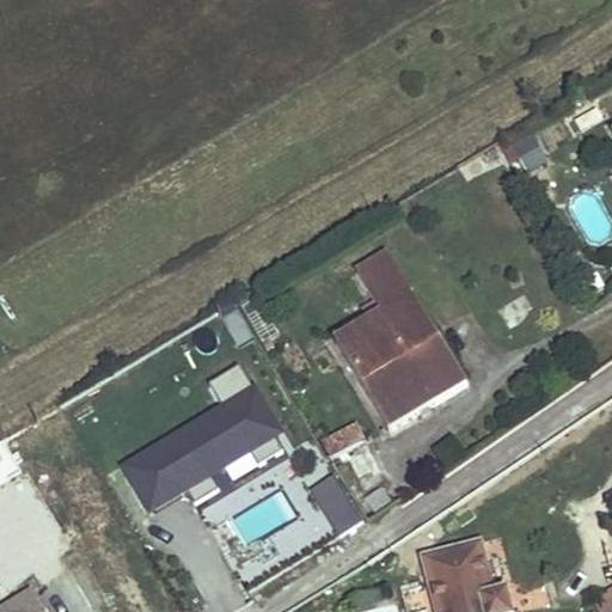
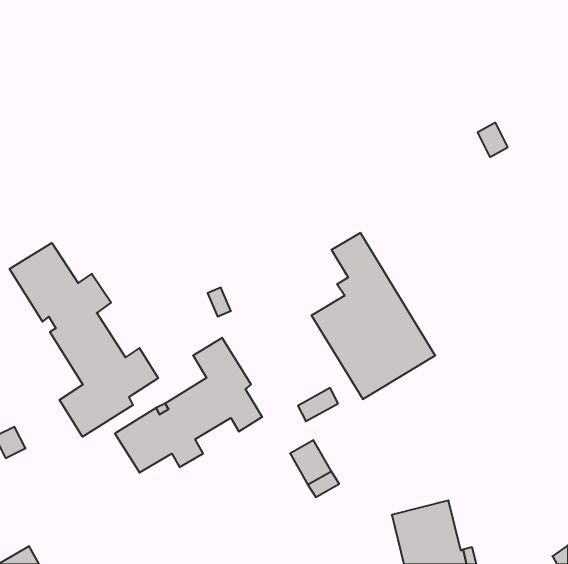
building: none -> [10,243,158,437]

